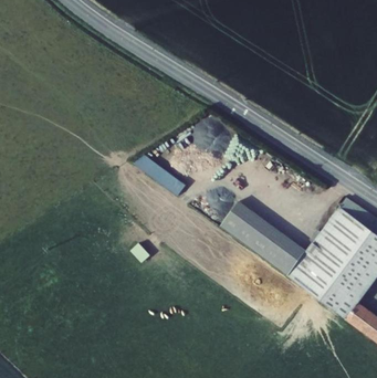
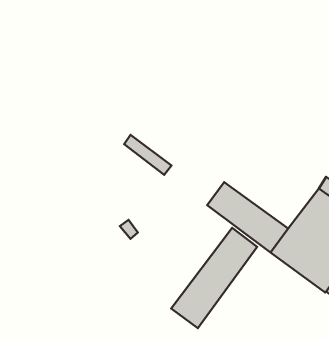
building: none -> [171,228,257,328]

